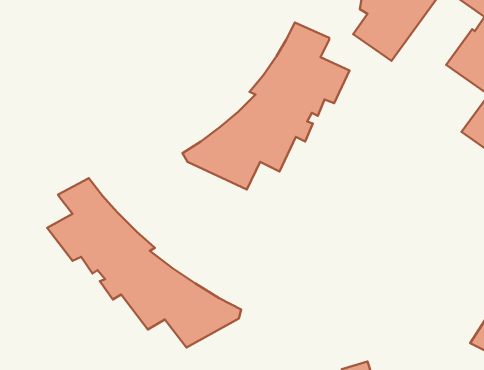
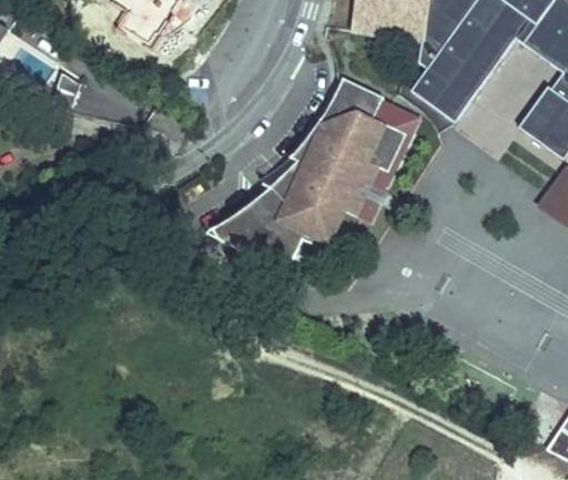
building: none -> [356,96,423,222]
building: [47,178,241,348] -> none

